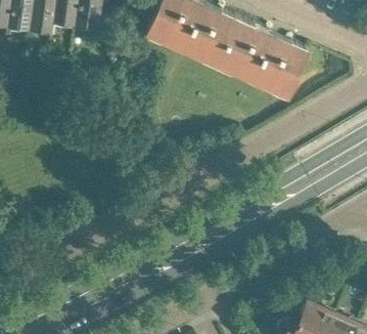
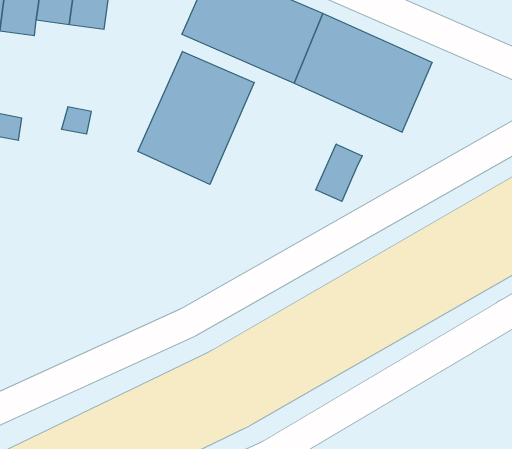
building: none -> [138,51,254,184]
building: none -> [316,144,362,201]

